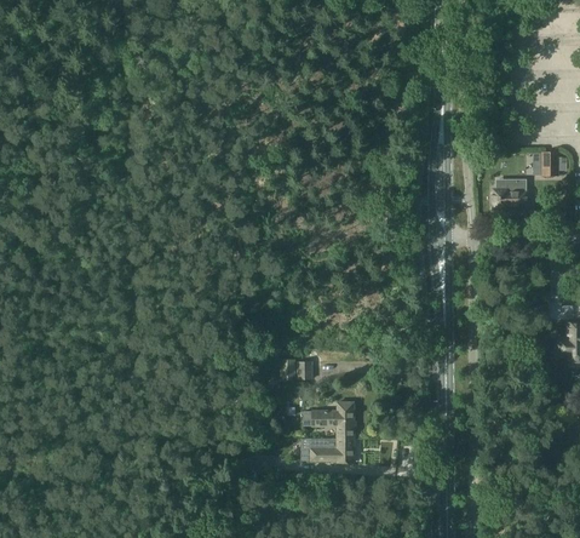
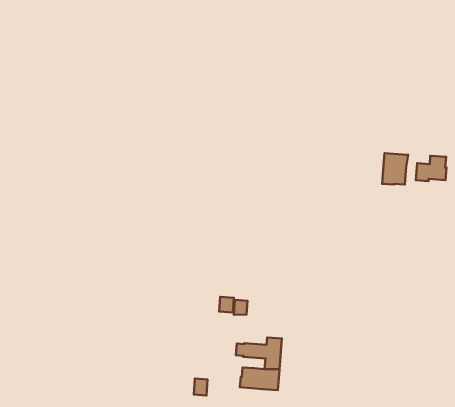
building: none -> [382,153,408,185]

